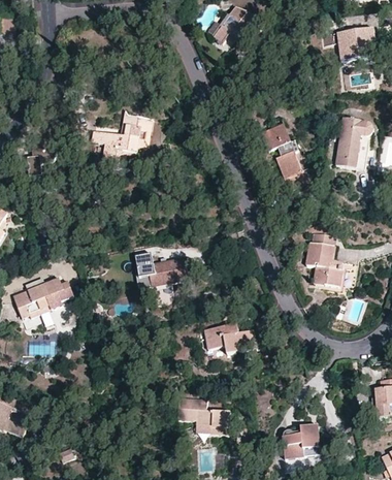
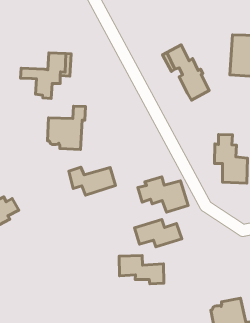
building: none -> [47,106,85,149]
building: none -> [138,177,188,212]
building: [177,396,230,434] -> [119,256,164,284]

